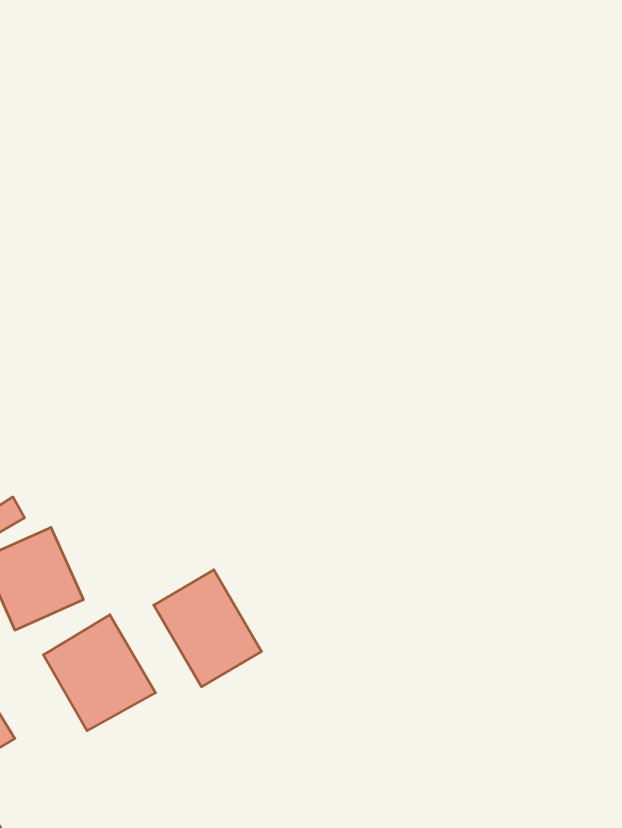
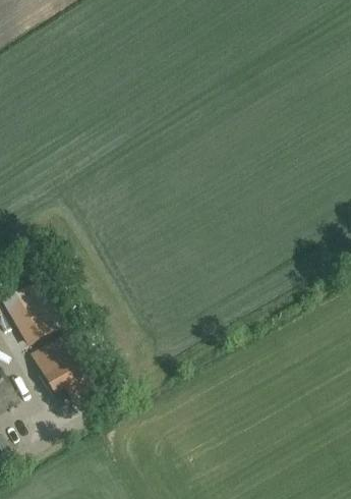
building: [154,570,262,687] -> none

